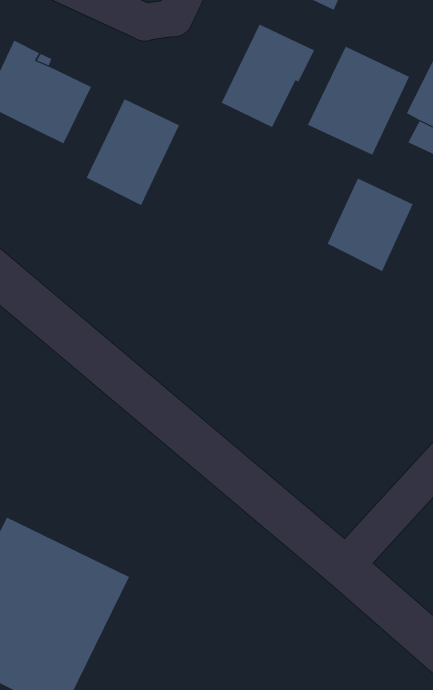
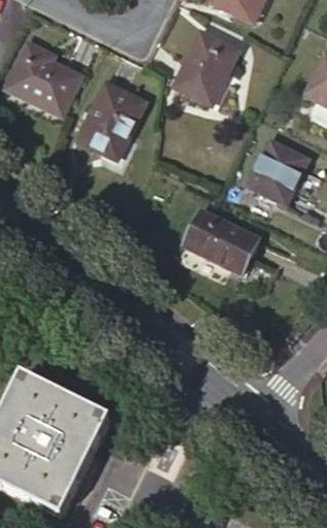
building: [307,46,410,155] -> none
building: none -> [183,208,260,272]

